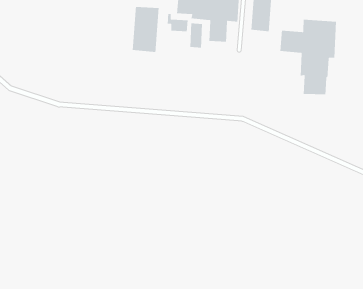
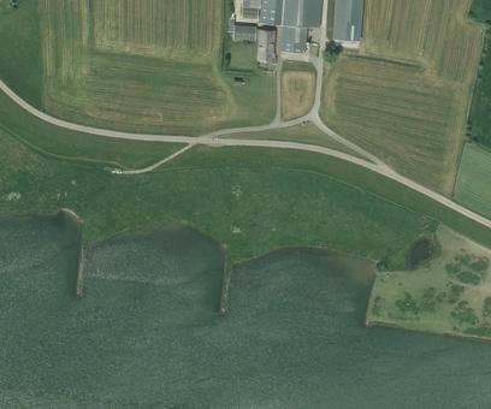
building: [132,6,160,53] -> none
building: [280,19,337,95] -> none

